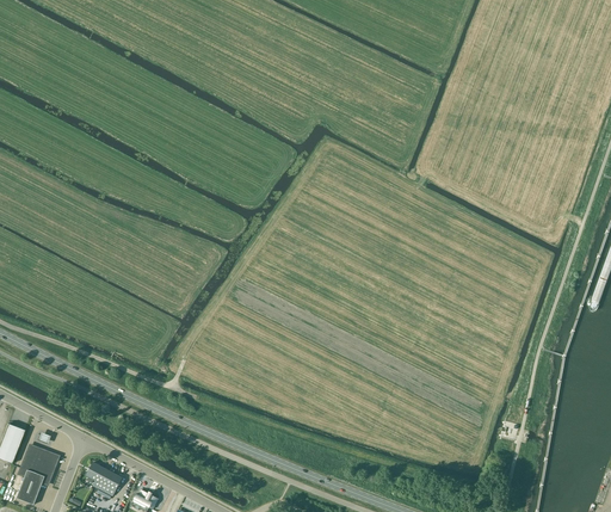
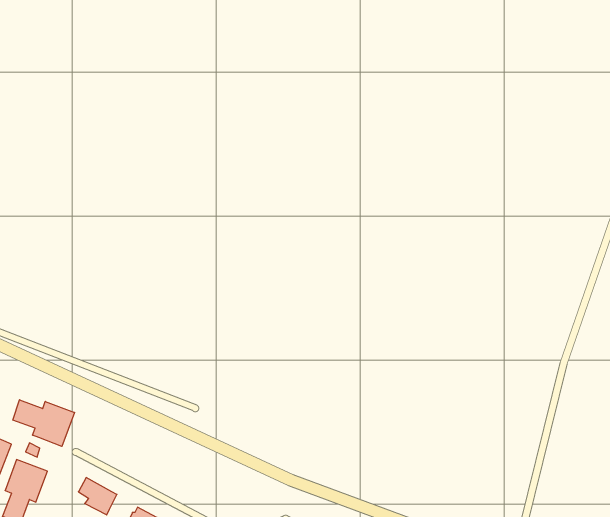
building: none -> [13,400,75,446]

